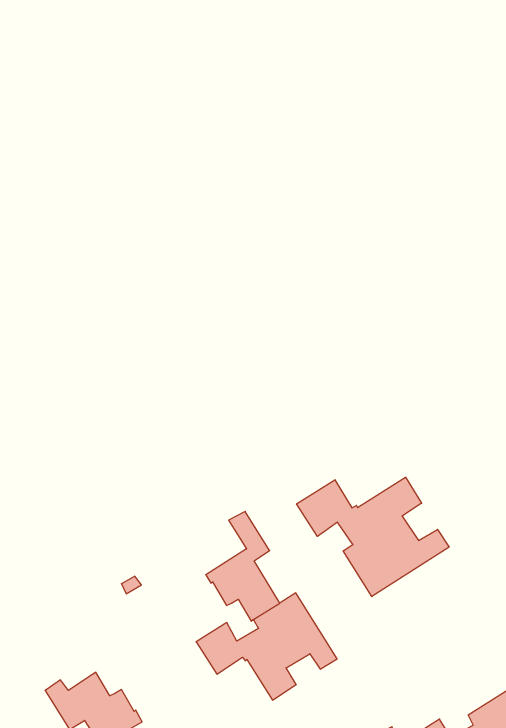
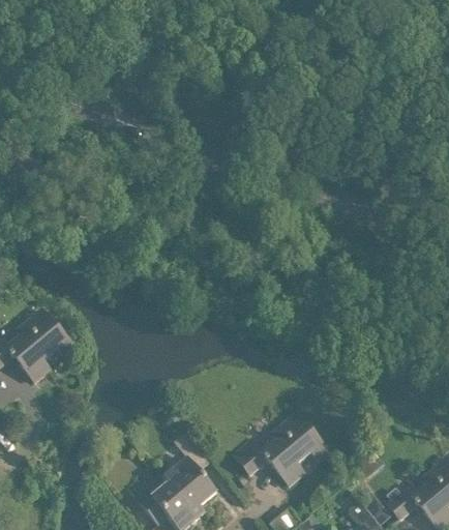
building: [297,477,449,597] -> none
building: [206,511,280,621] -> [166,434,217,506]

